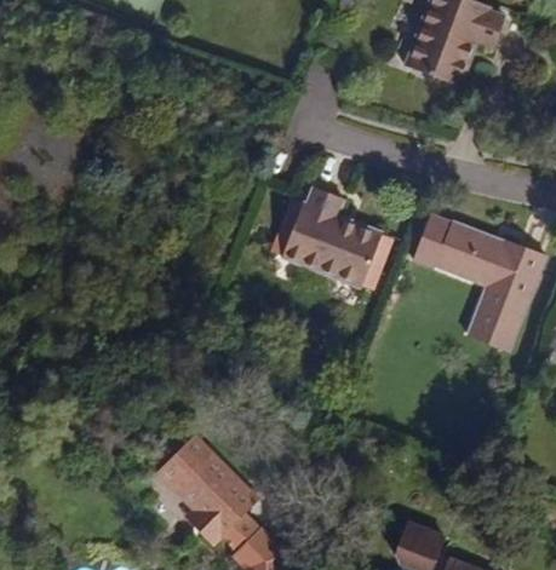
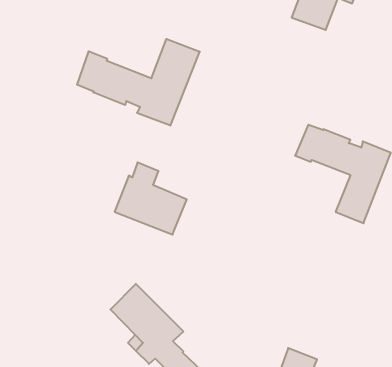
building: none -> [77,39,200,126]
building: [282,186,382,286] -> [115,162,187,235]

